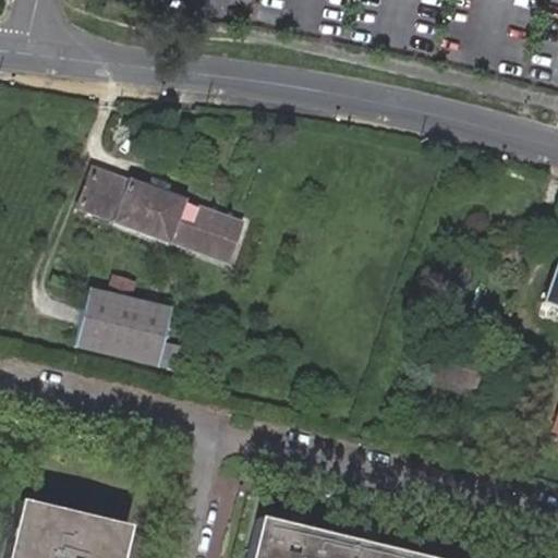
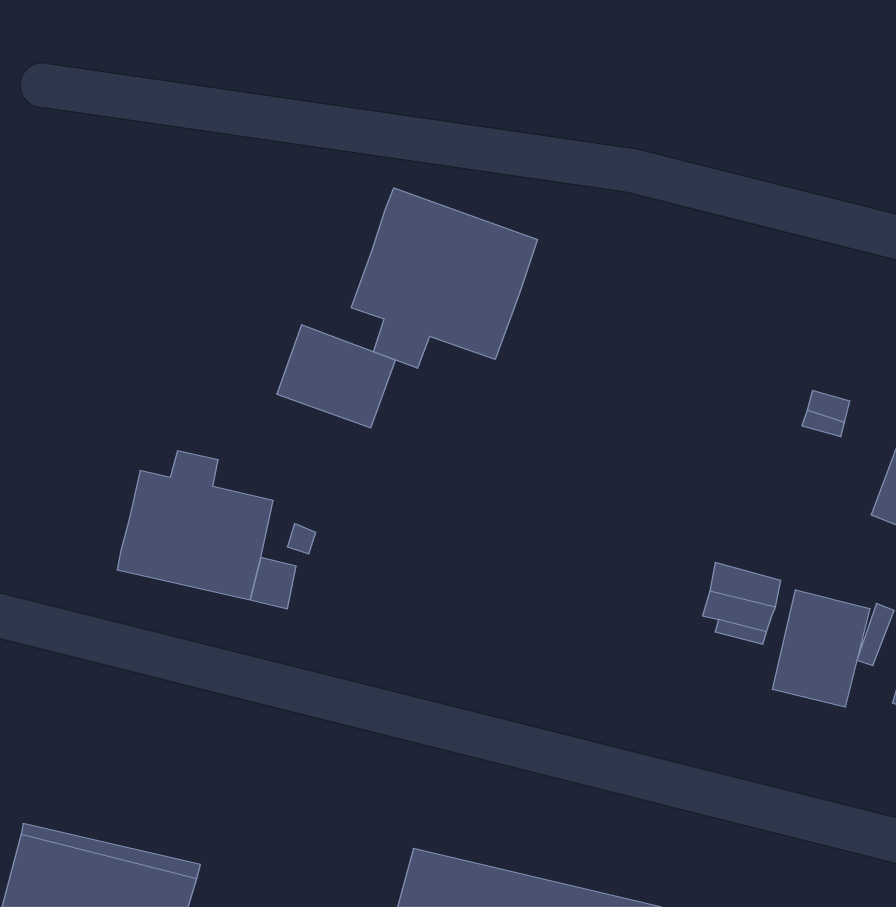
building: none -> [351,188,538,368]
building: [86,170,192,244] -> none
building: none -> [772,590,870,707]

